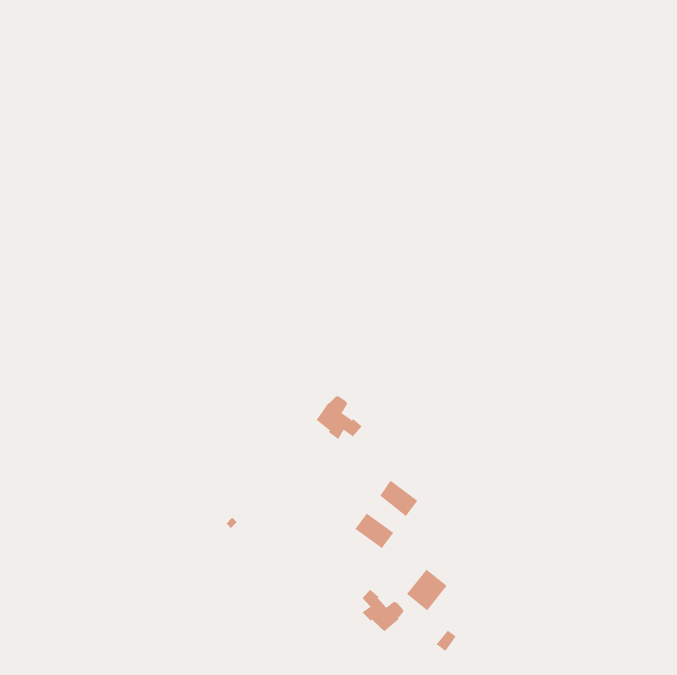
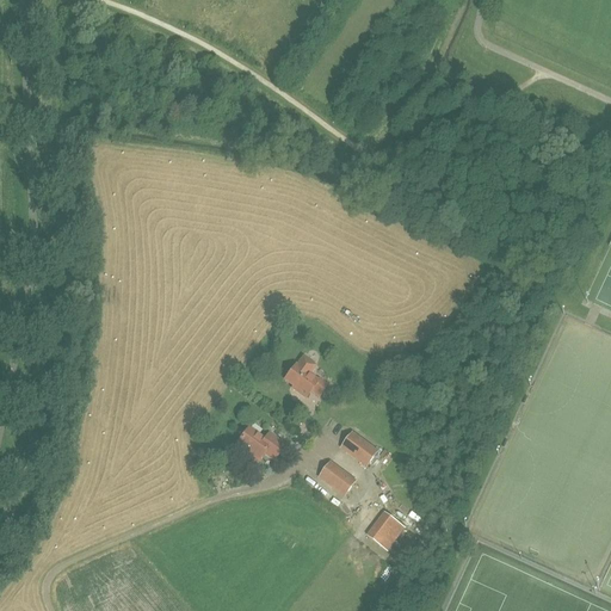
building: none -> [236,425,284,458]
building: [362,589,404,632] -> none

